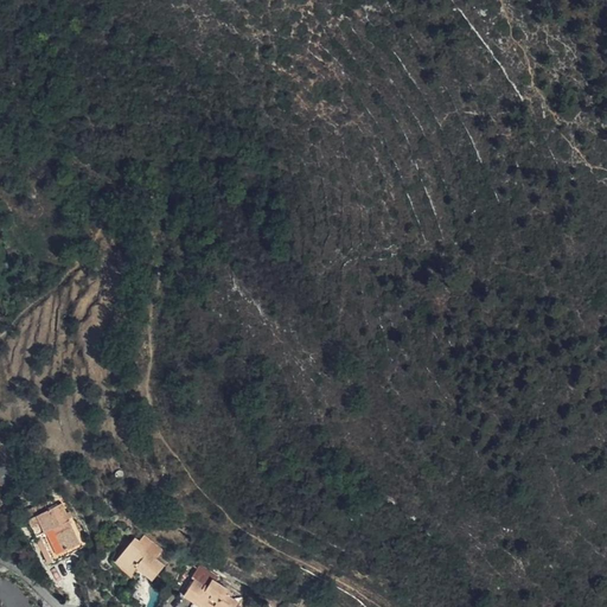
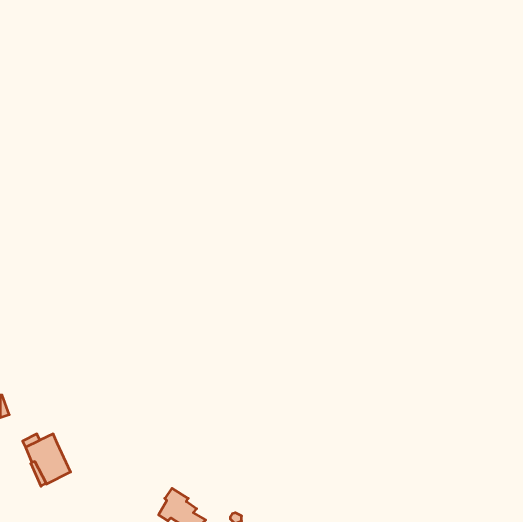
building: [116,536,165,581] -> none

